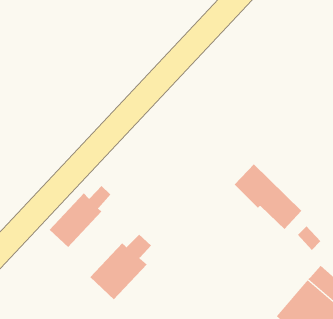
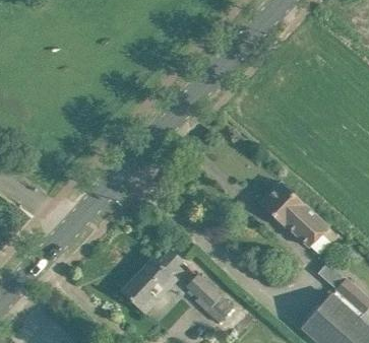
building: [49,185,111,248] -> none
building: none -> [185,273,234,323]

